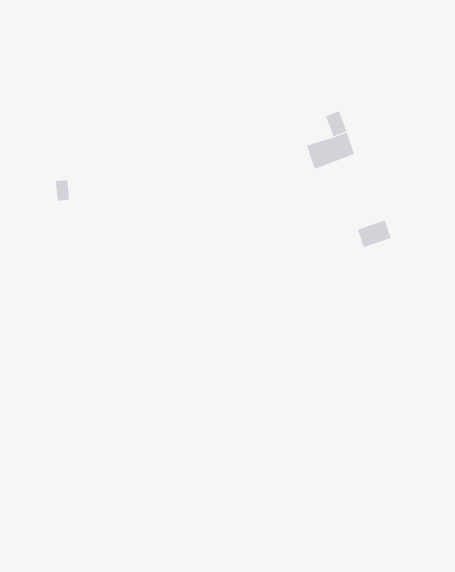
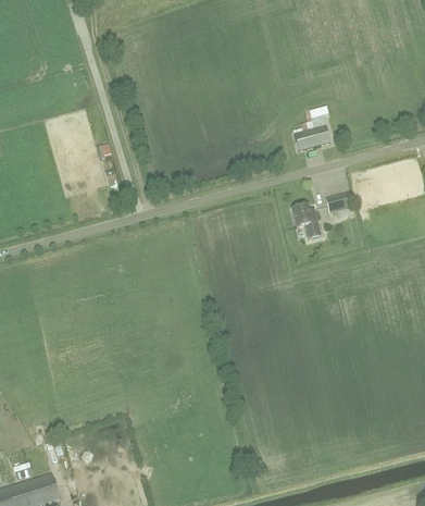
building: none -> [291,203,321,238]

